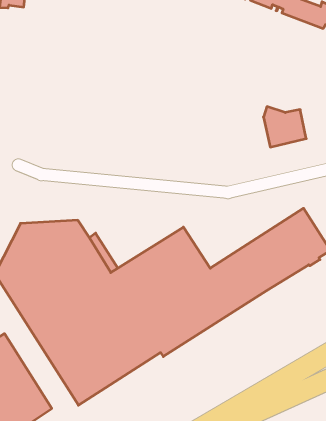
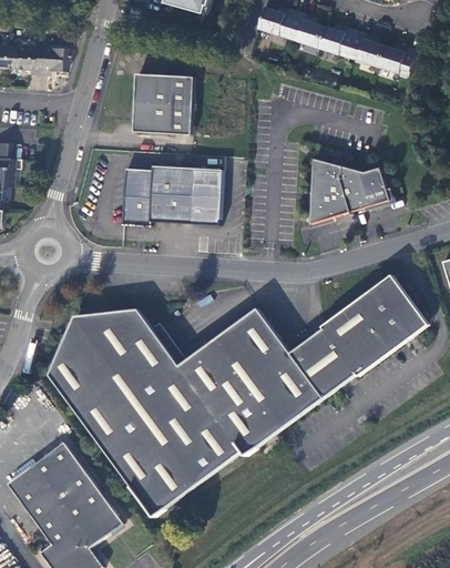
building: none -> [134,74,194,135]
building: none -> [122,165,223,225]
building: none -> [308,158,350,224]

